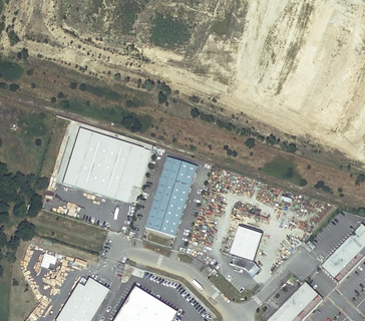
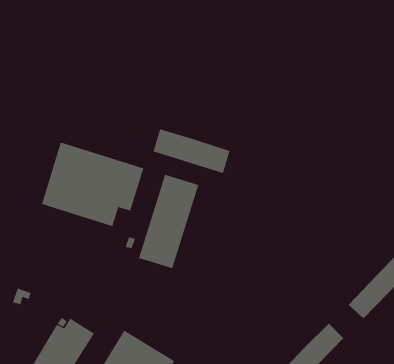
building: none -> [153,128,230,174]
building: [229,227,263,276] -> none

